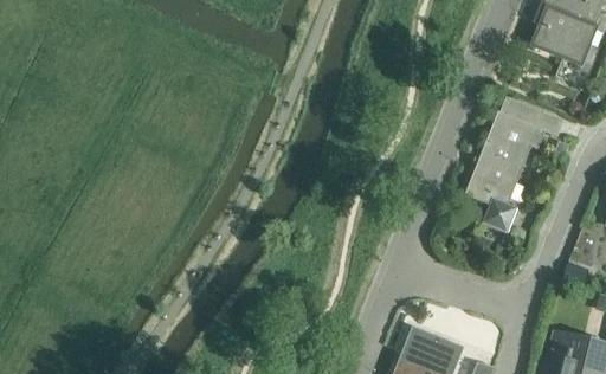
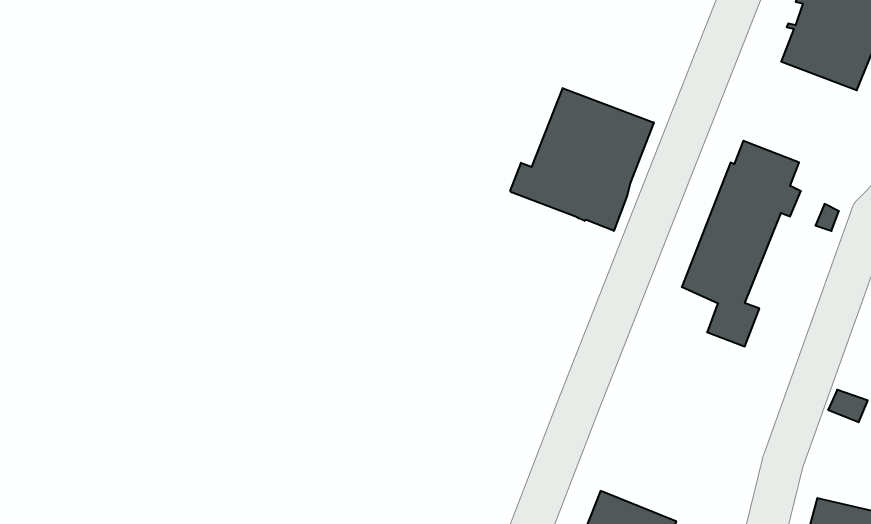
building: none -> [510,88,654,231]

